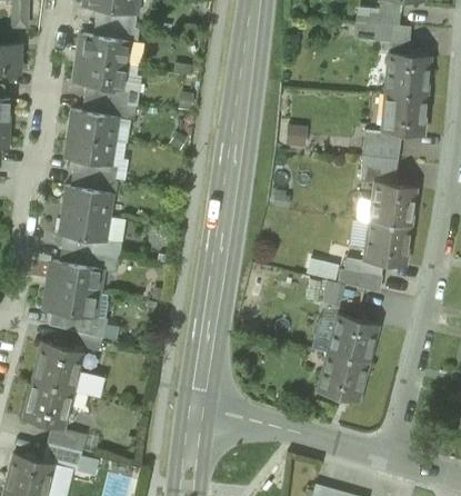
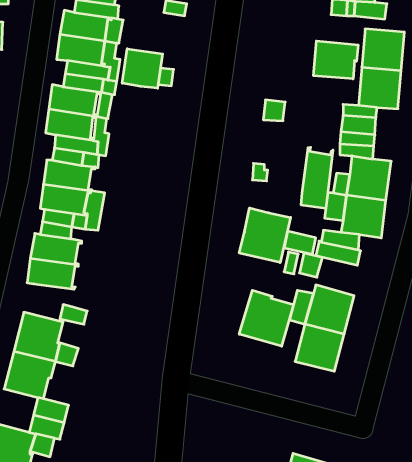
building: none -> [314,41,358,79]
building: none -> [122,49,163,88]
building: none -> [301,147,333,209]
building: none -> [239,208,291,263]
building: [51,311,94,335] -> none
building: none -> [239,290,294,346]

